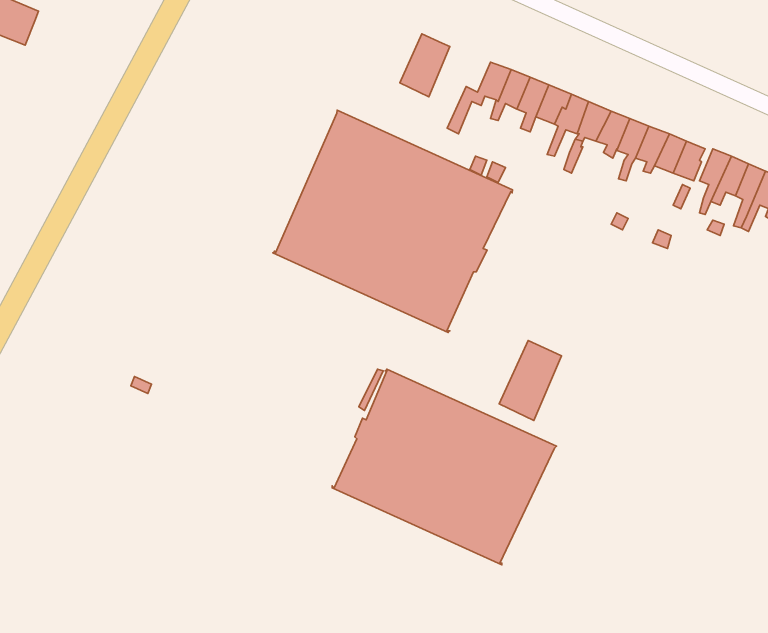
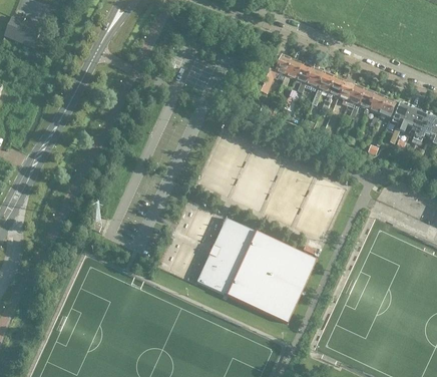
building: [400,34,450,97] -> none
building: [273,110,512,332] -> none
building: [499,340,561,421] -> none

